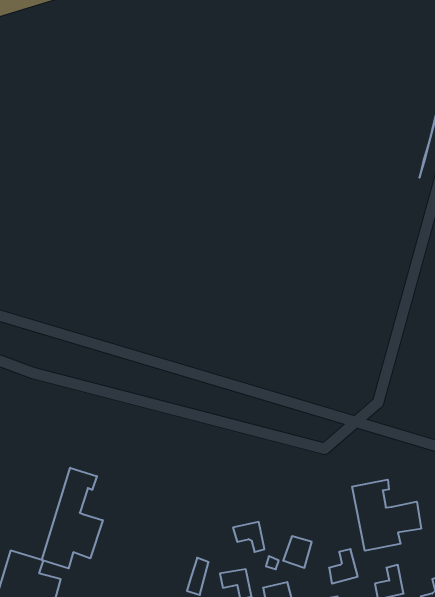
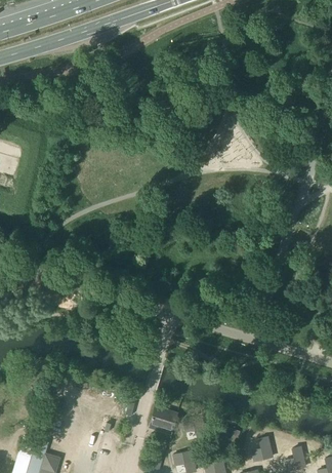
building: [42,468,103,568] -> none
building: [352,480,421,551] -> none
building: none -> [150,406,178,434]

